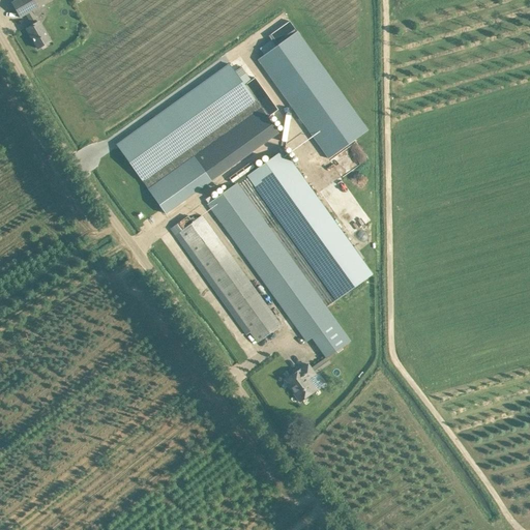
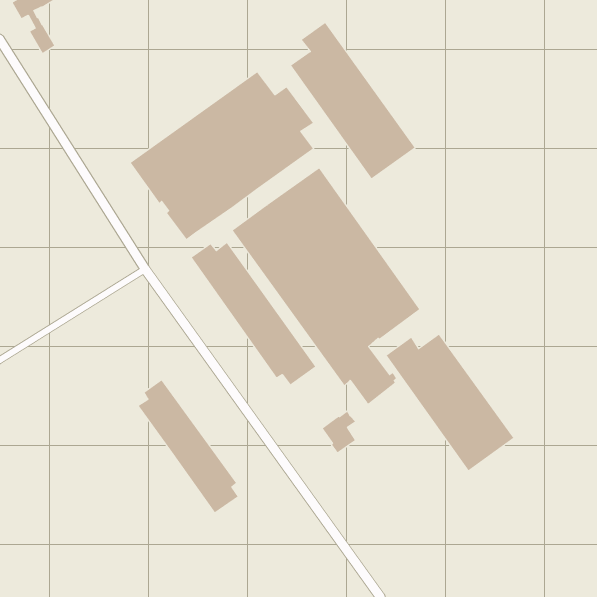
building: none -> [386,334,514,471]
building: none -> [138,379,238,513]

